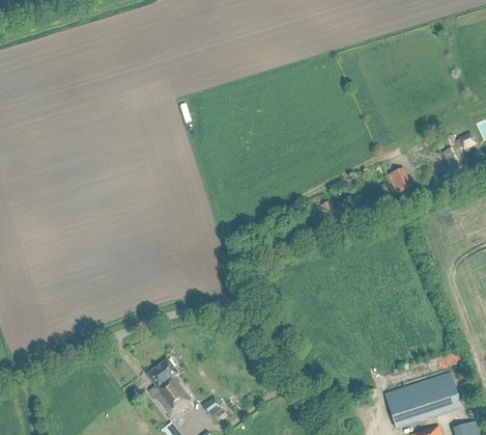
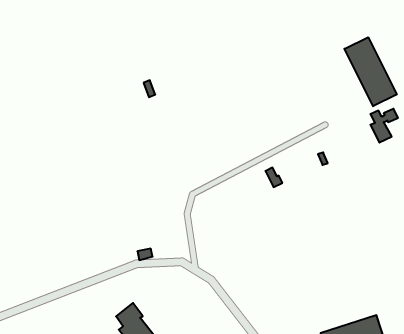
building: none -> [344,37,397,106]
building: [387,167,412,194] -> none

